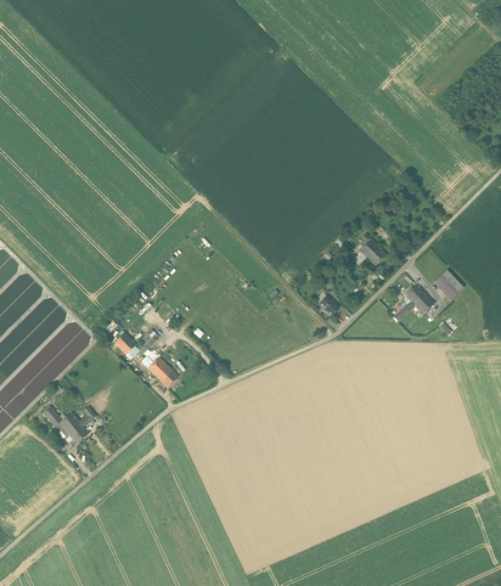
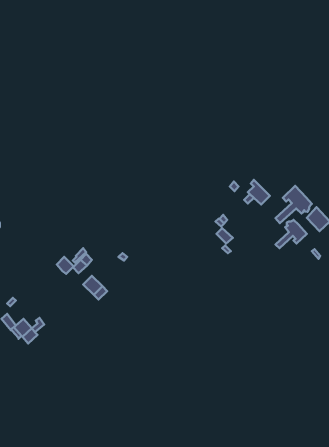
building: none -> [276,186,312,223]

